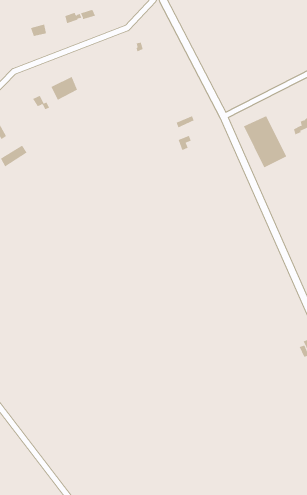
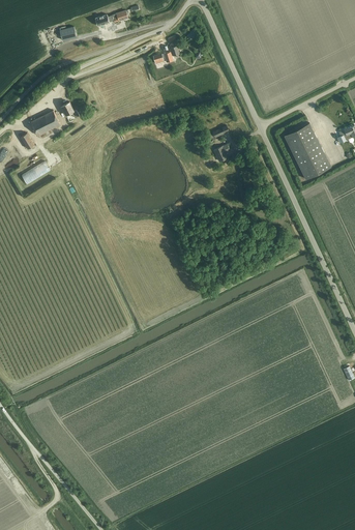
building: [51,76,78,101] -> [30,111,59,137]

